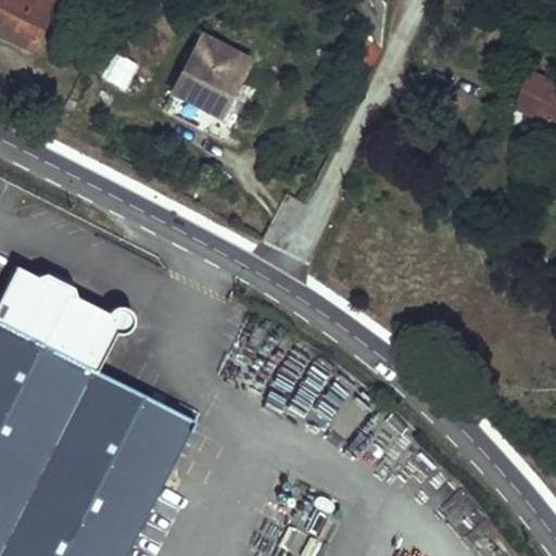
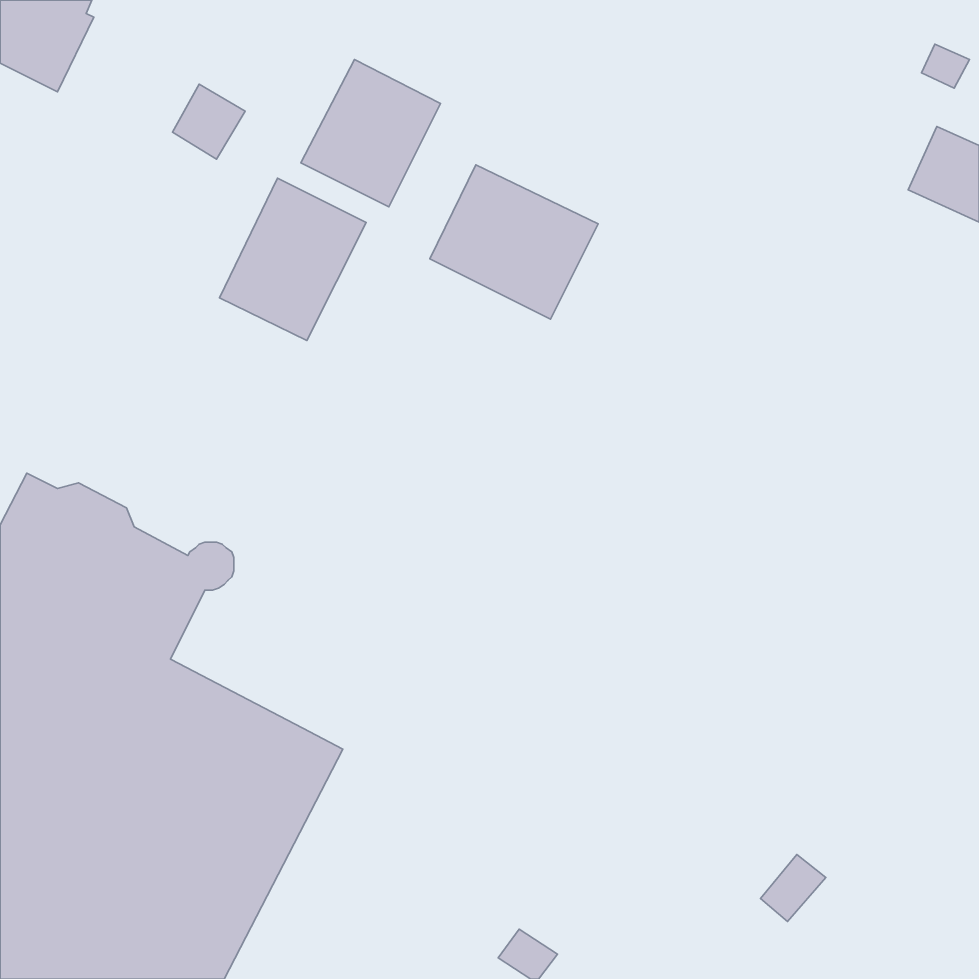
building: none -> [430,165,598,319]
building: none -> [219,178,366,341]

